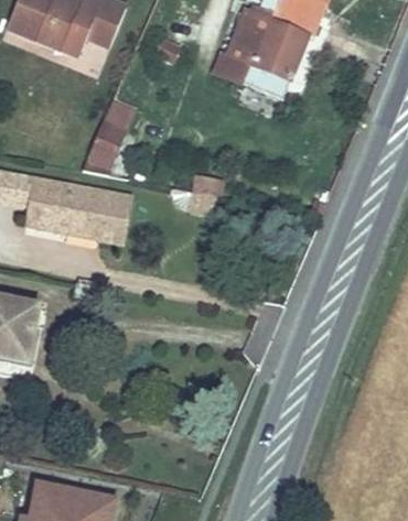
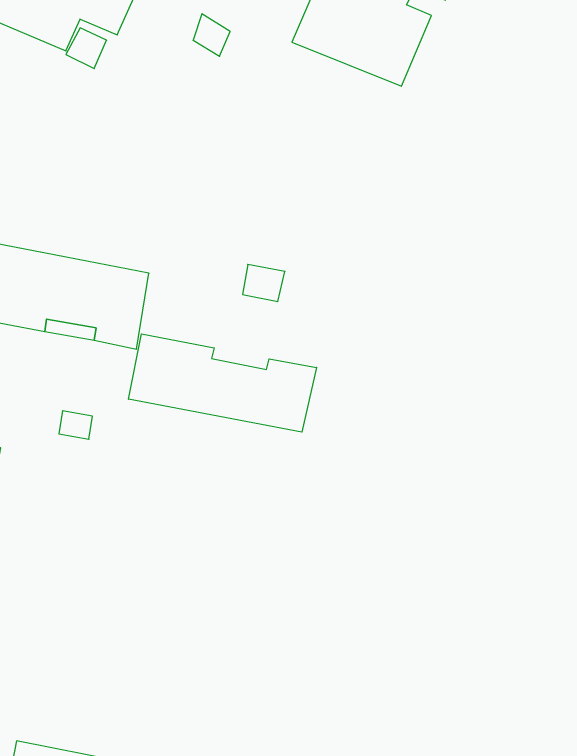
building: [82,100,133,173] -> none
building: none -> [129,334,317,432]

